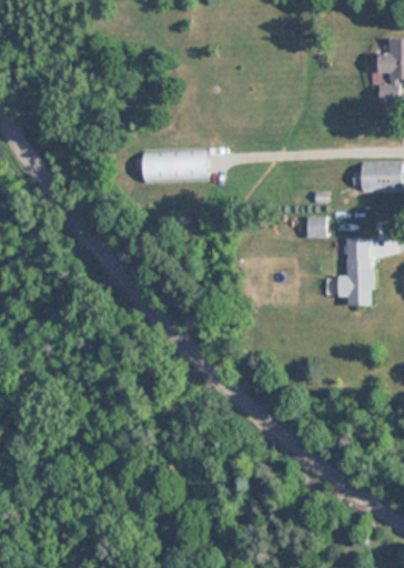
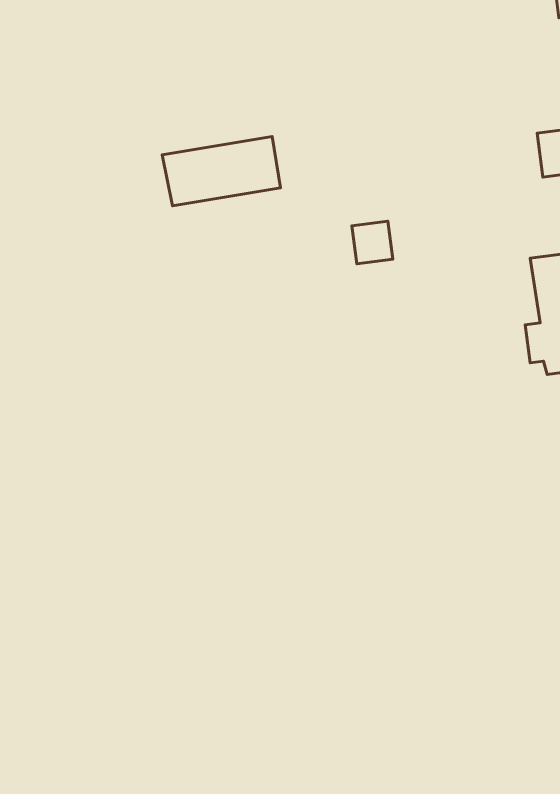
building: [303,216,324,239] -> [352,221,393,264]

